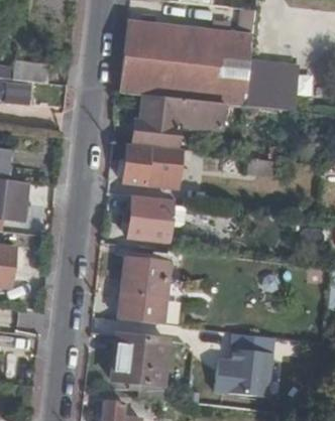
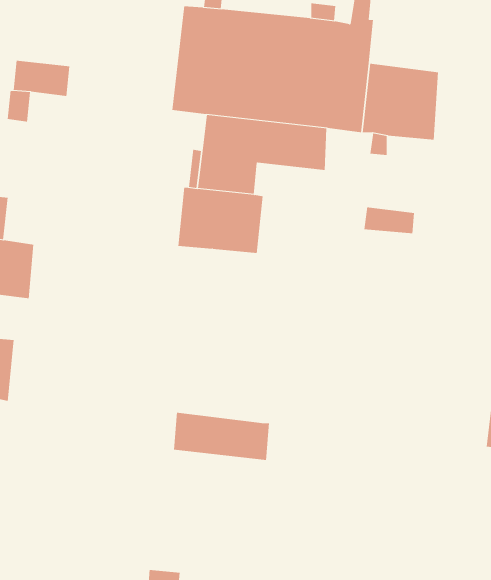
building: [129,197,175,243] -> none
building: [122,255,187,301] -> none
building: [214,331,271,393] -> none
building: [114,335,167,392] -> none

